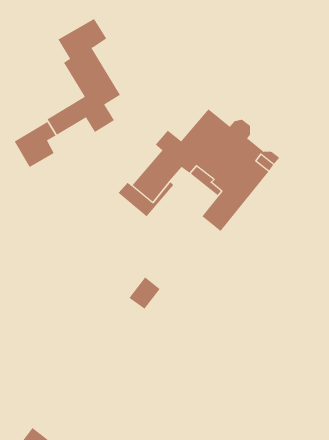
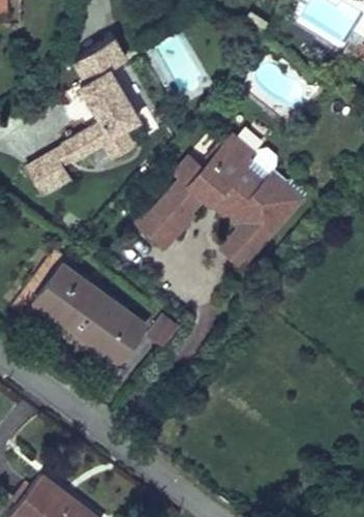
building: none -> [31,262,150,369]

